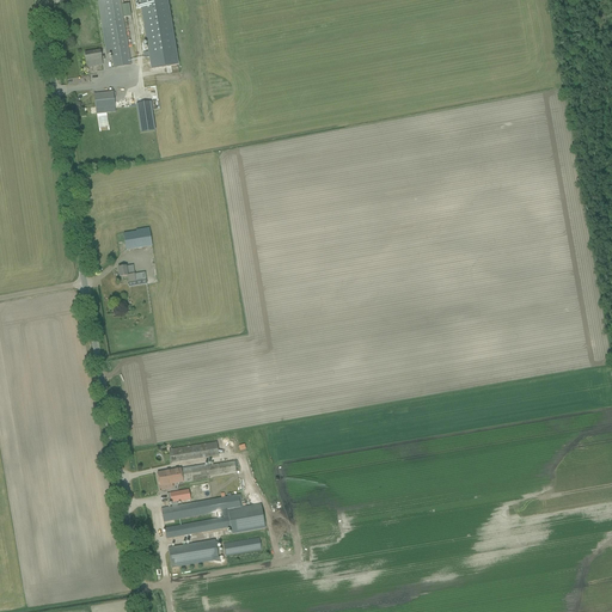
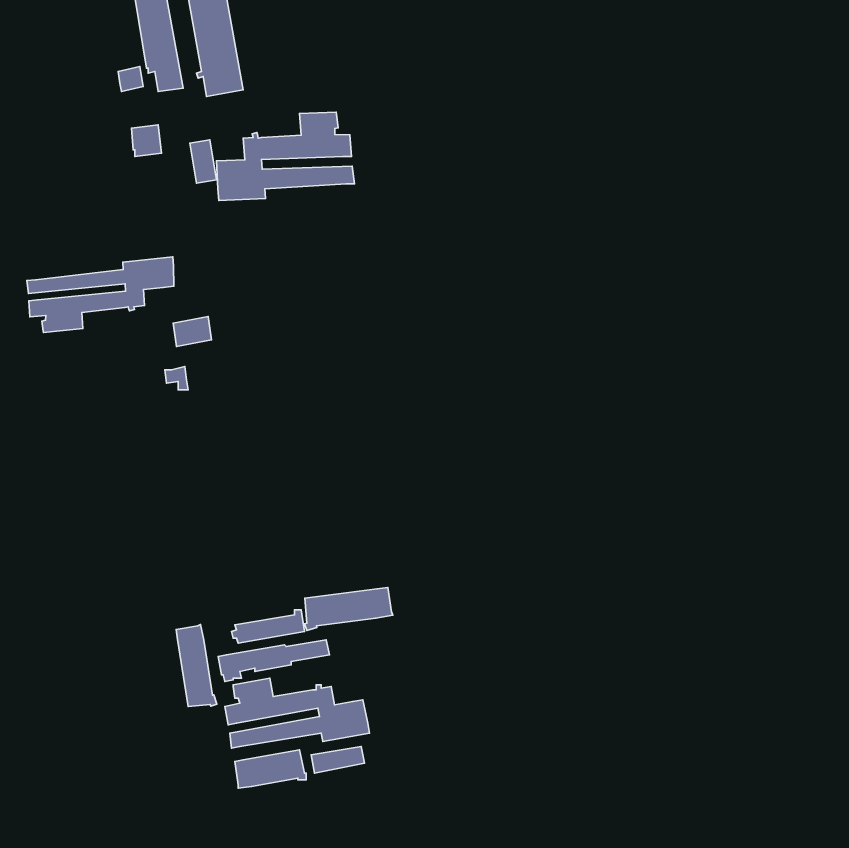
building: none -> [216,112,354,201]
building: none -> [27,257,174,332]
building: none -> [305,588,393,631]
building: none -> [176,625,217,706]

